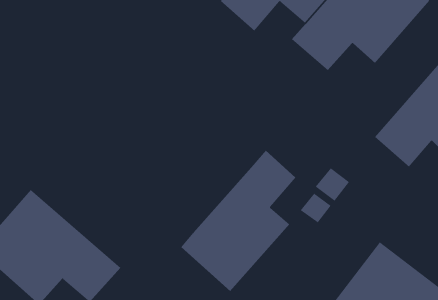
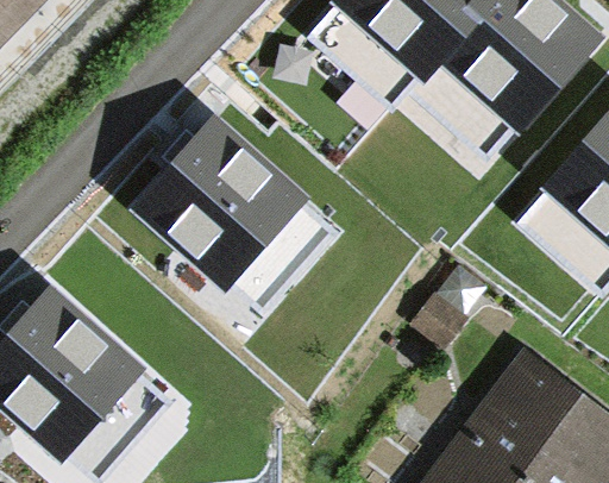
building: none -> [142,119,337,277]
building: [180,150,296,292] -> none

